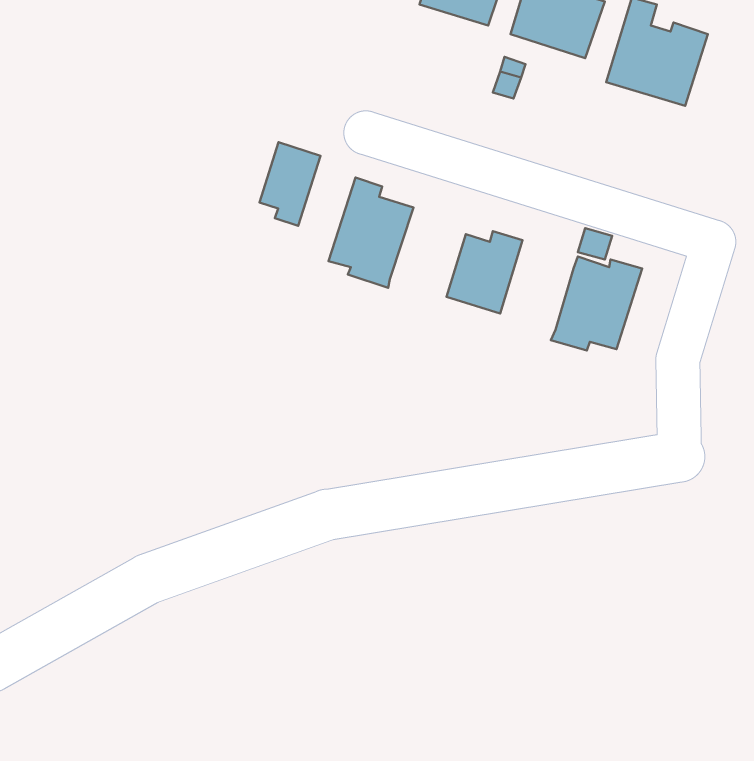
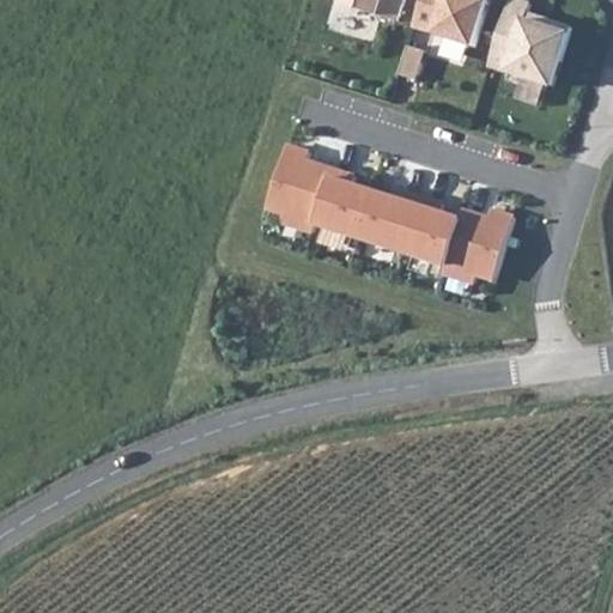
building: [259,142,321,226] -> none
building: none -> [312,166,374,238]
building: none -> [401,193,460,265]

